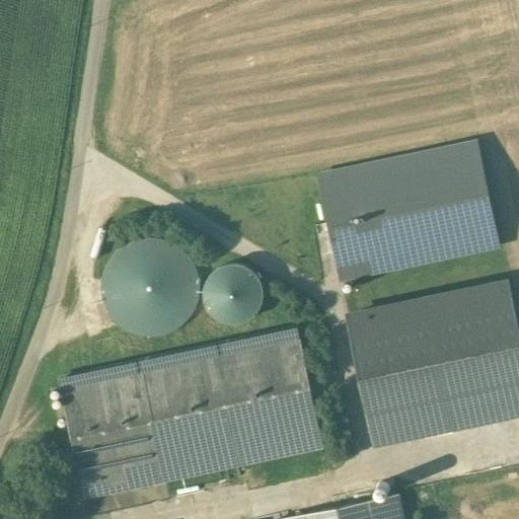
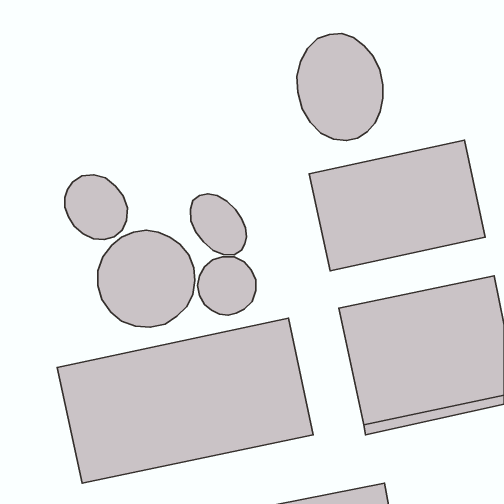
building: none -> [297,34,383,140]
building: none -> [65,175,128,240]
building: none -> [190,194,247,255]

